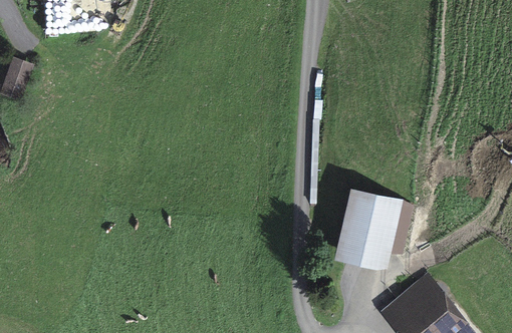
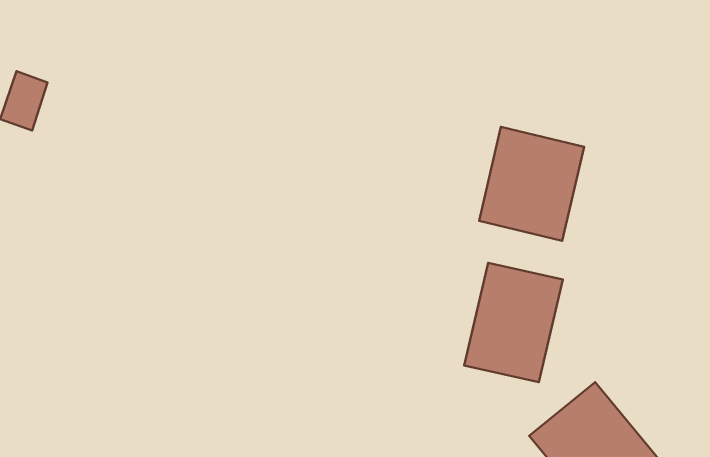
building: none -> [479,127,584,241]

